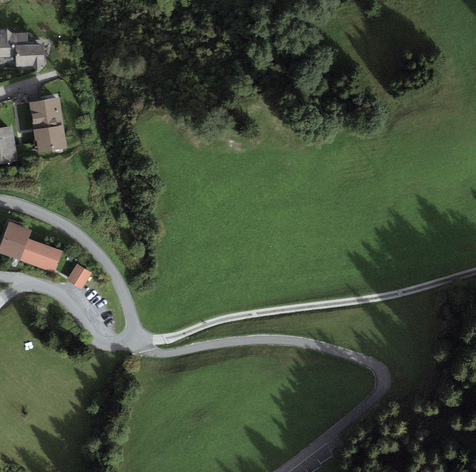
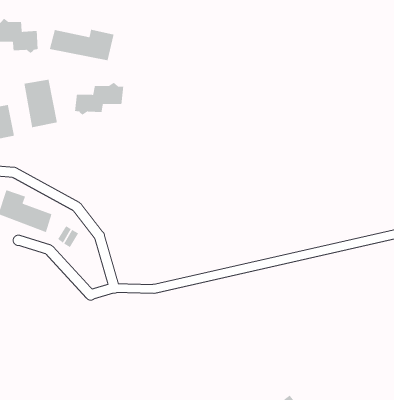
building: none -> [49,29,115,61]
building: none -> [74,82,124,115]

